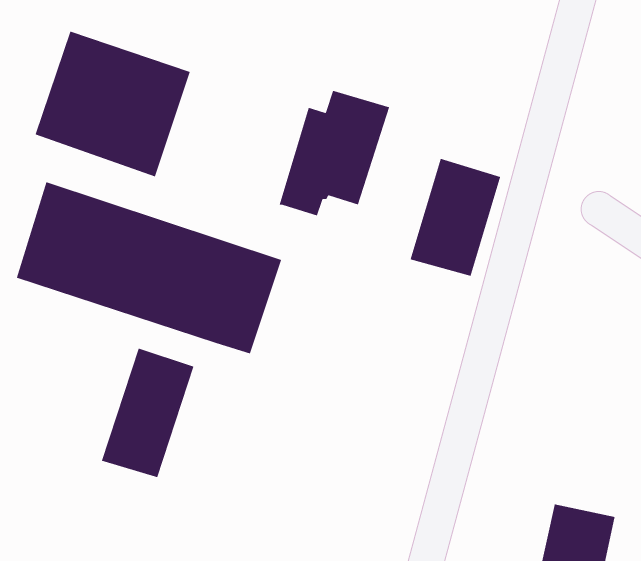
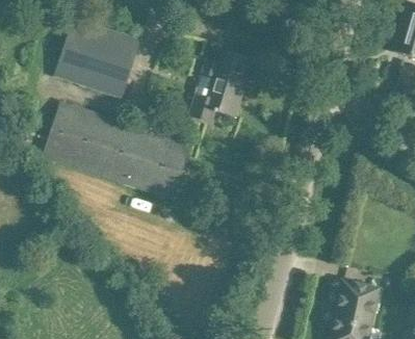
building: [409,158,501,277] -> none
building: [101,347,194,478] -> none

